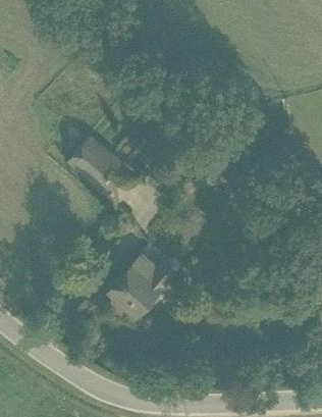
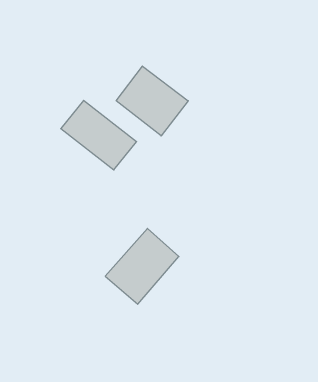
building: none -> [116,66,188,136]

